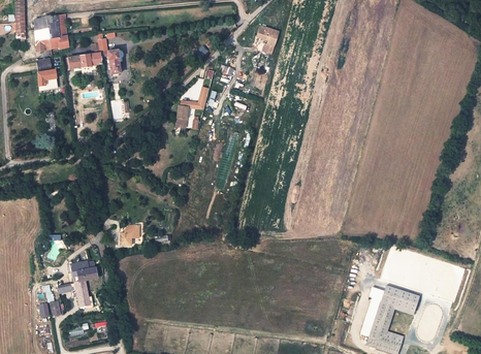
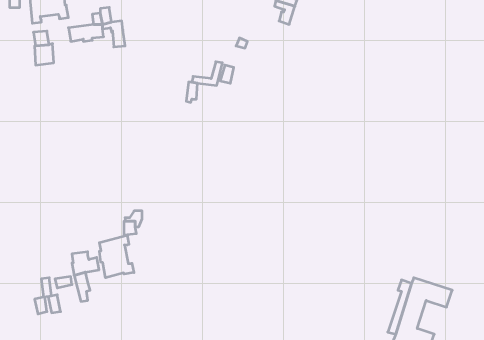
building: none -> [99,235,134,278]

